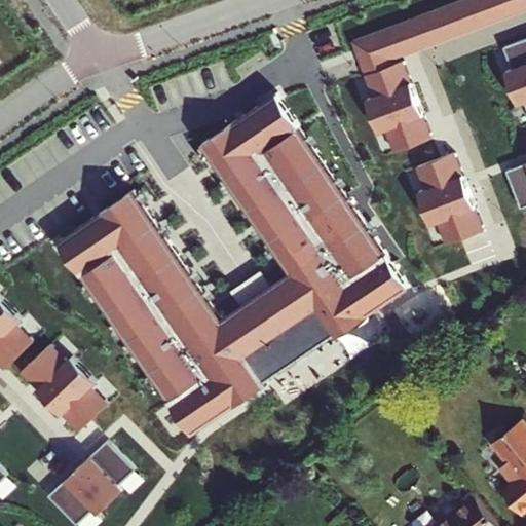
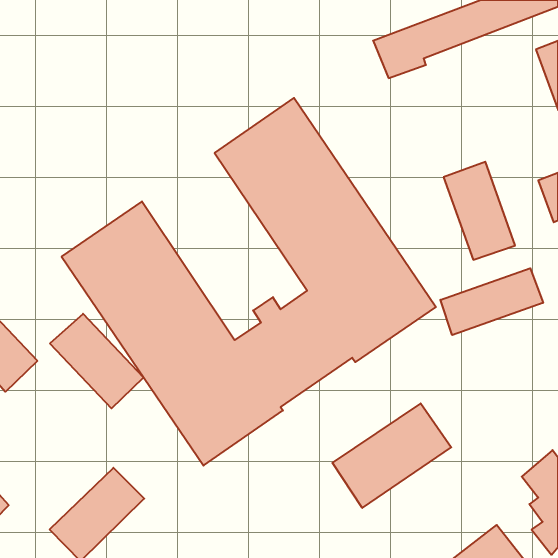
building: [363,64,430,155] -> none
building: none -> [440,268,543,335]
building: [18,347,106,436] -> [50,314,144,408]
building: none -> [332,403,451,508]

